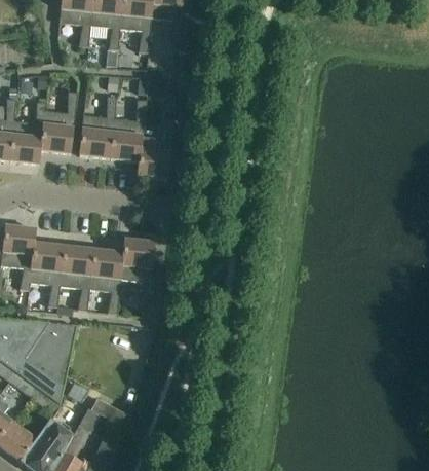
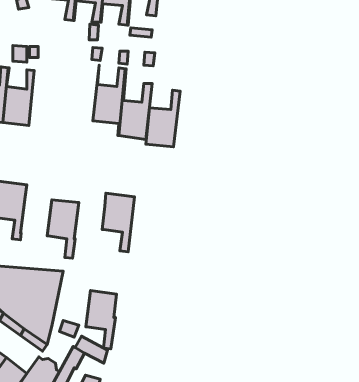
building: [38,90,77,162] -> none
building: [78,95,116,157] -> [146,90,180,147]
building: [29,242,64,306] -> none
building: [88,248,122,313] -> [86,290,117,349]

